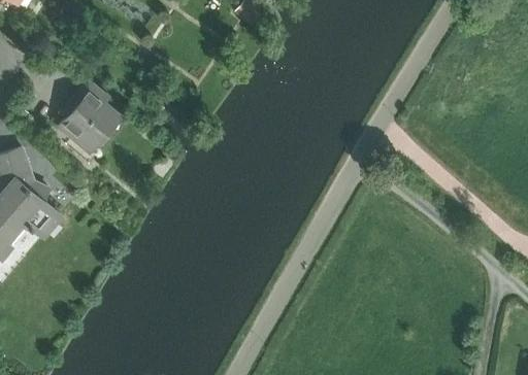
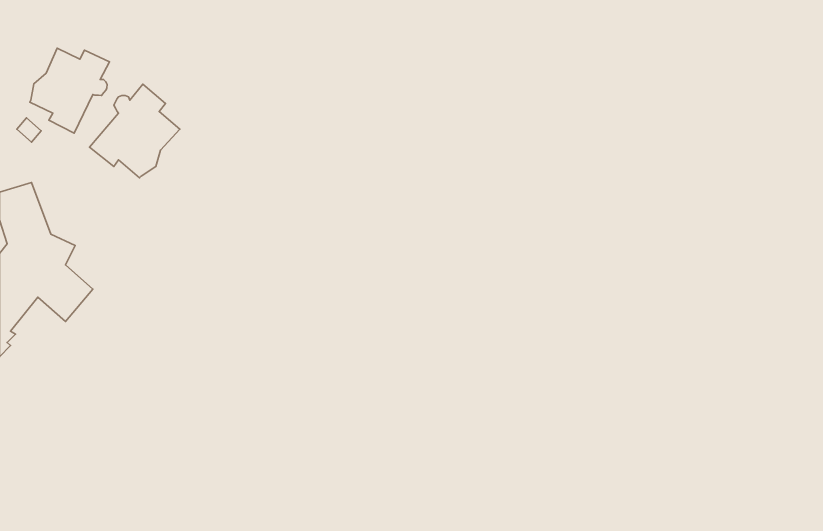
building: none -> [30,48,109,133]

